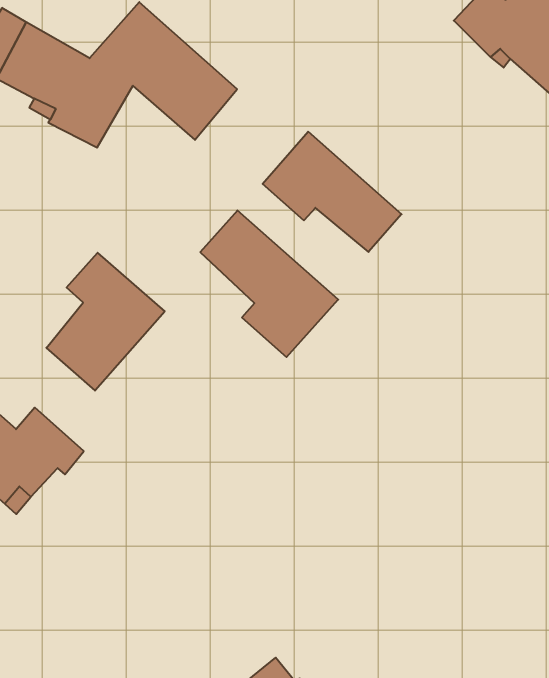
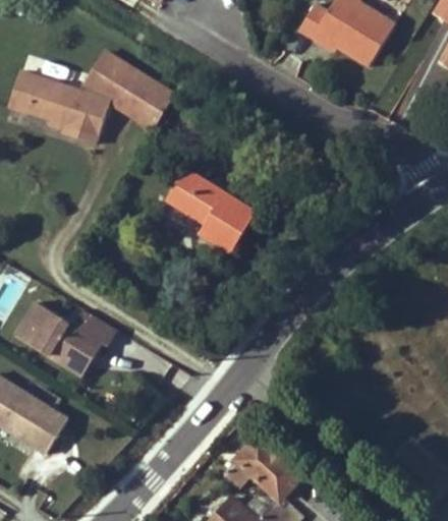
building: [263,132,402,252] -> none
building: [46,253,165,391] -> none

